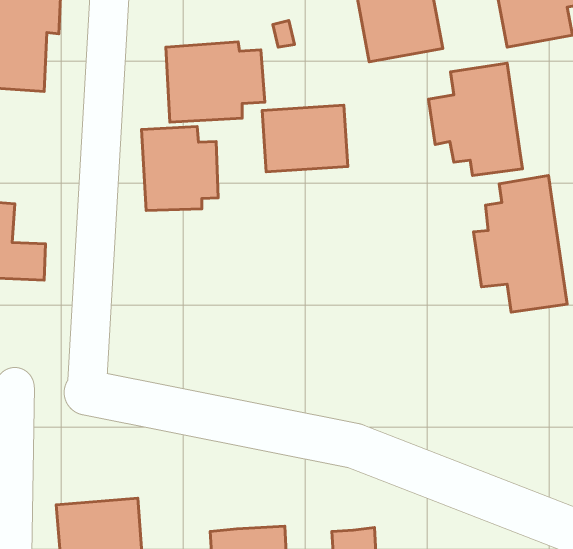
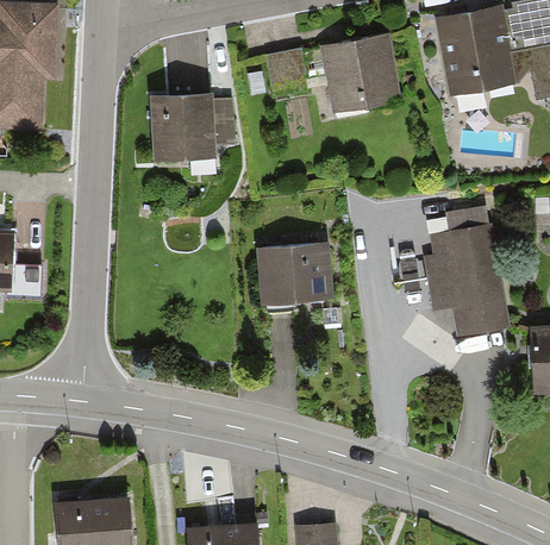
building: [429,63,523,176] -> none
building: [262,105,348,172] -> [256,244,332,303]
building: [141,126,218,210] -> none

